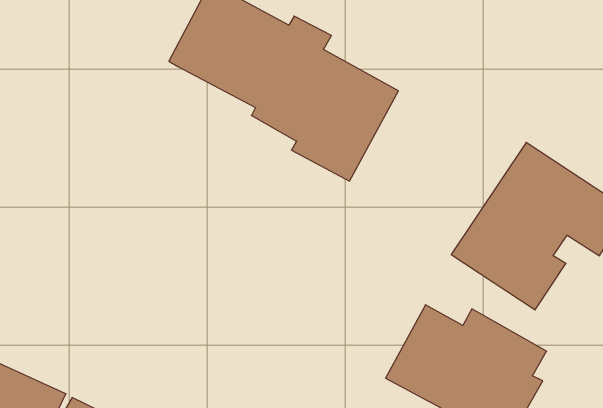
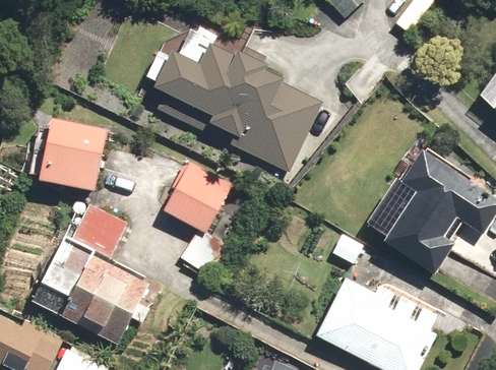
building: none -> [37,116,105,189]
building: none -> [157,160,232,236]
building: none -> [30,205,147,344]

